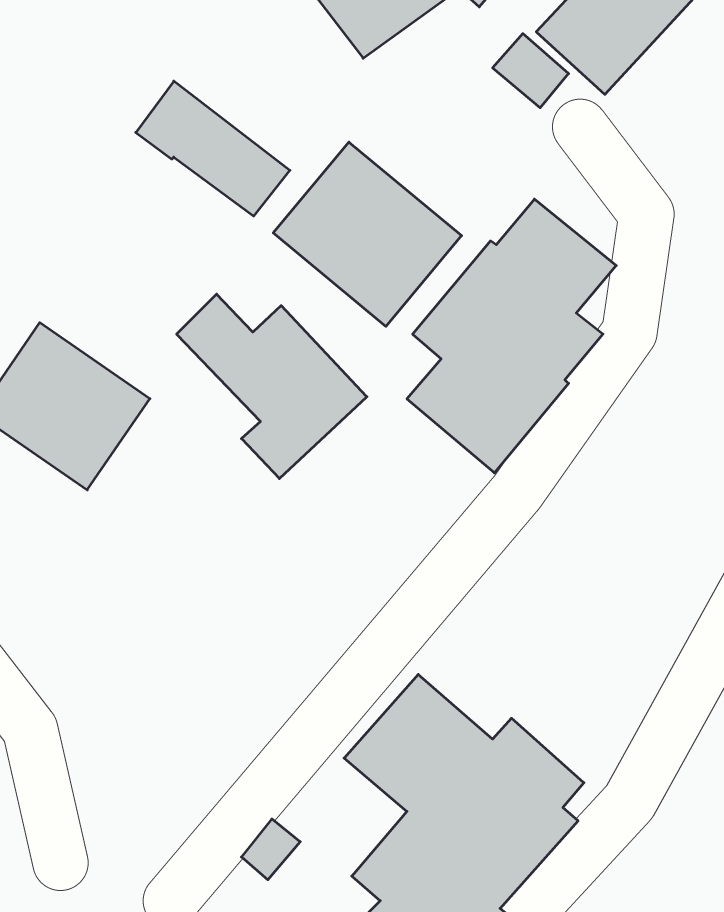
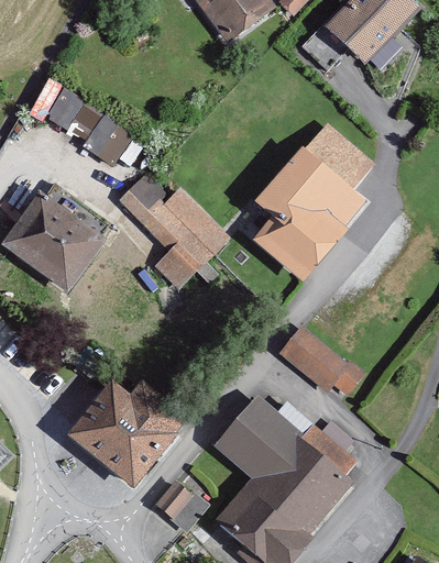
building: [136,81,290,216] -> [50,81,139,159]
building: [273,142,462,326] -> none
building: none -> [282,323,365,391]
building: none -> [67,377,191,489]

